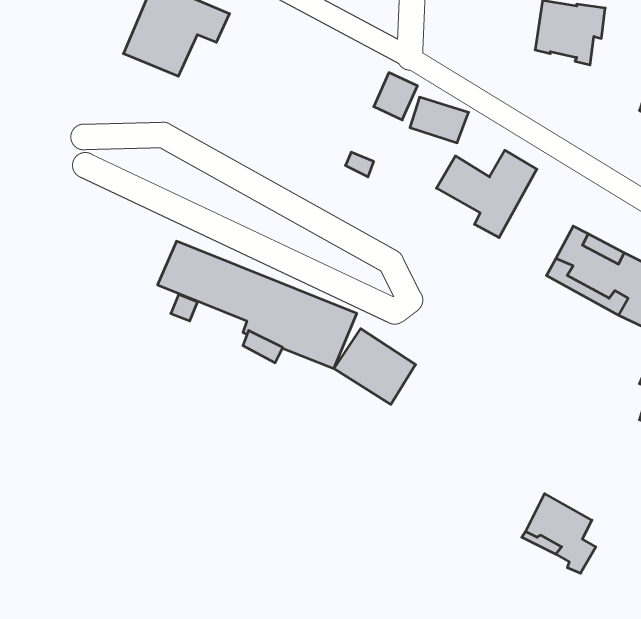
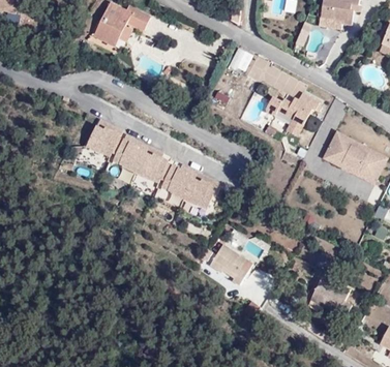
building: none -> [87,118,122,153]
building: [334,329,416,404] -> [209,240,253,281]

